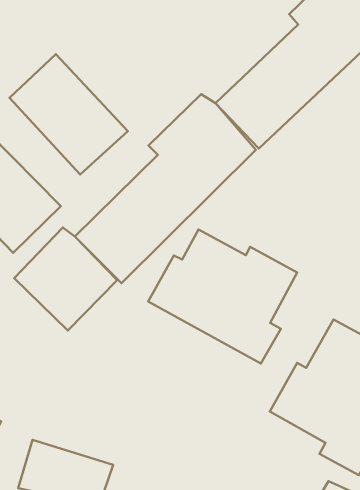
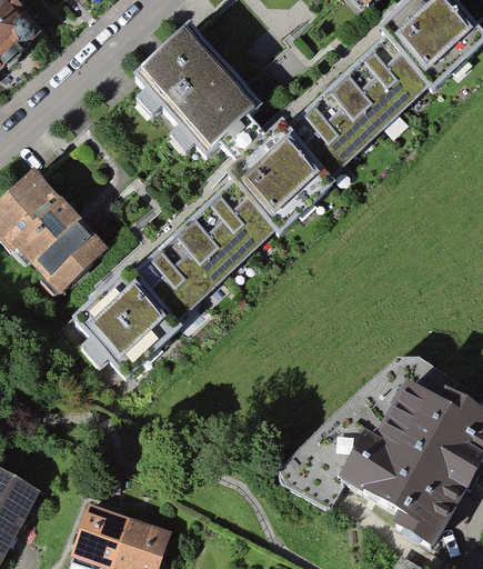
building: [9,54,128,174] -> [120,27,250,159]
building: [148,230,297,364] -> none

